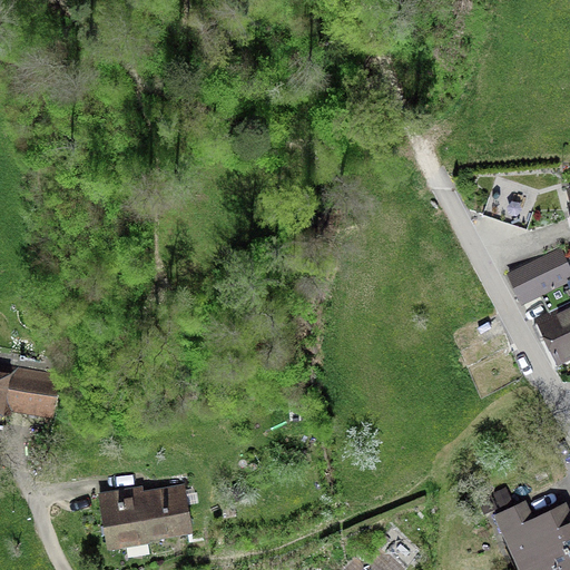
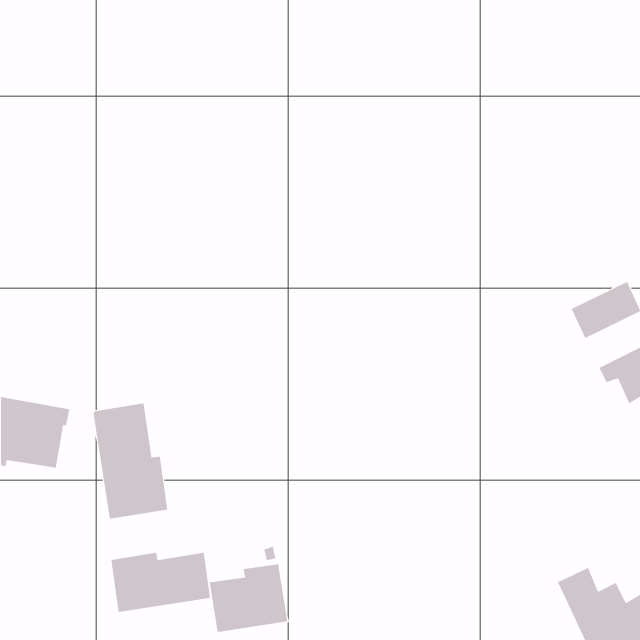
building: none -> [93,403,168,520]
building: none -> [209,564,288,632]

